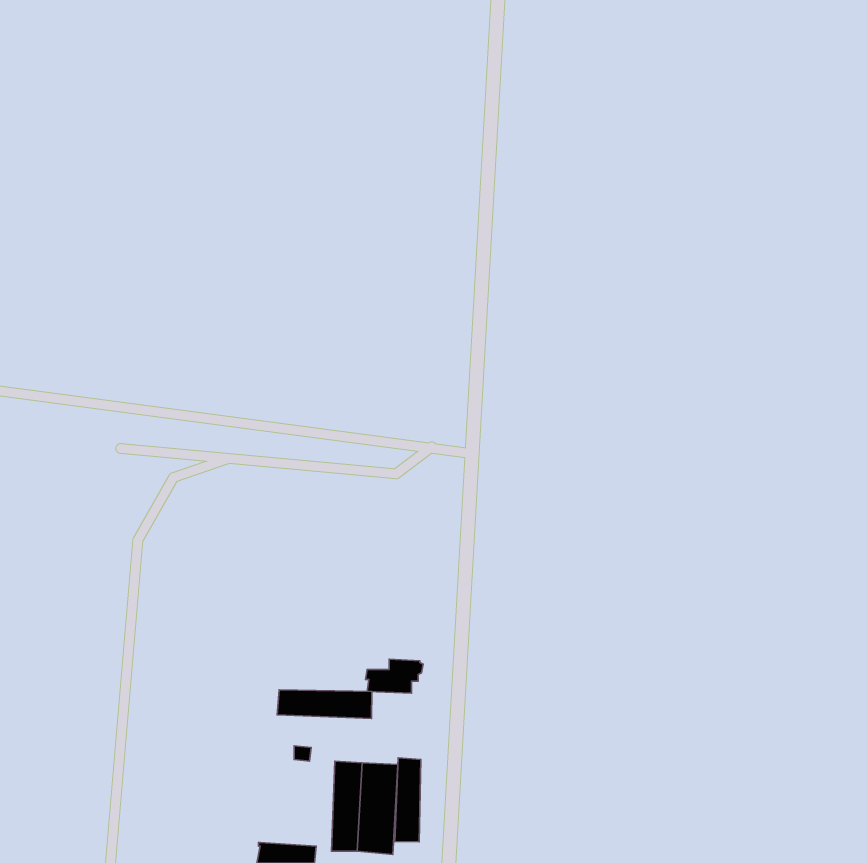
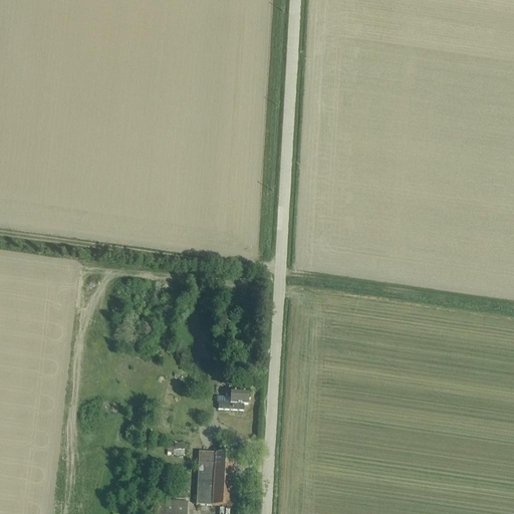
building: [277,690,372,718] -> none
building: [395,758,421,842] -> none

